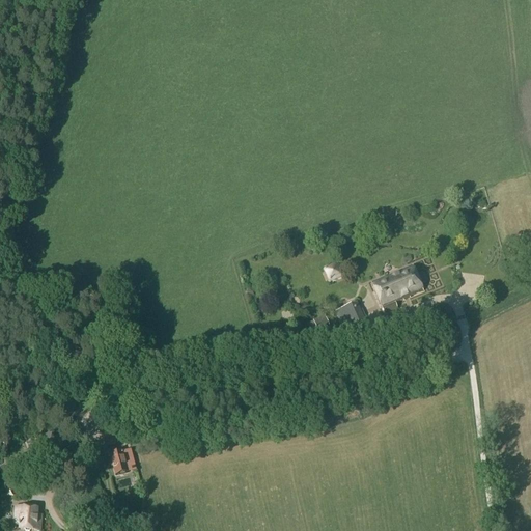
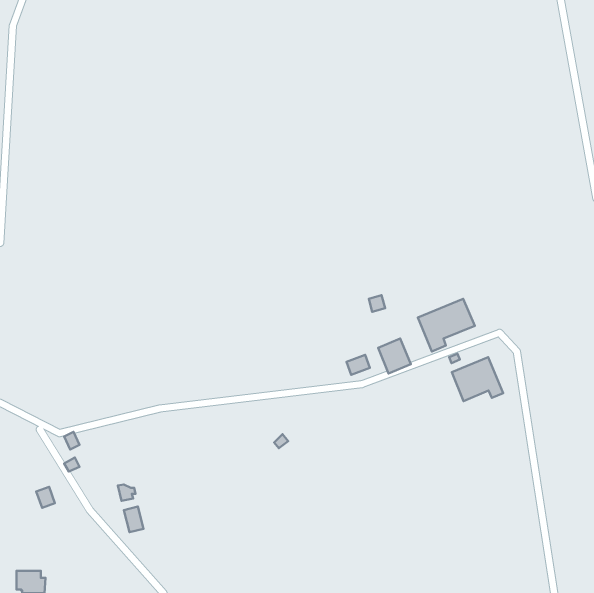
building: none -> [452,357,503,401]

